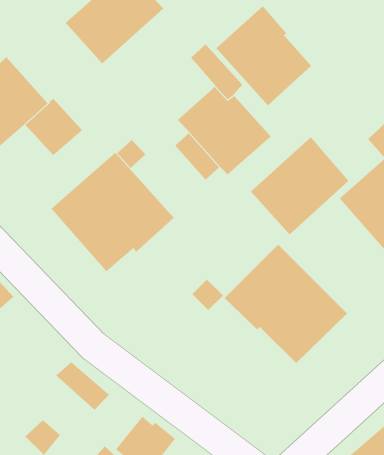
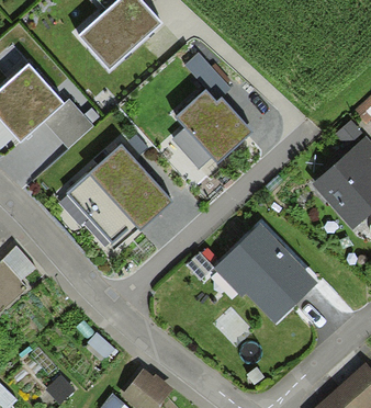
building: [216,6,312,106] -> none
building: [250,136,349,236] -> none

